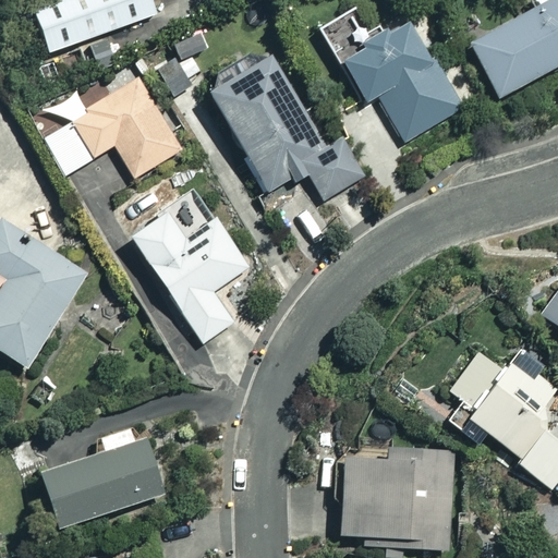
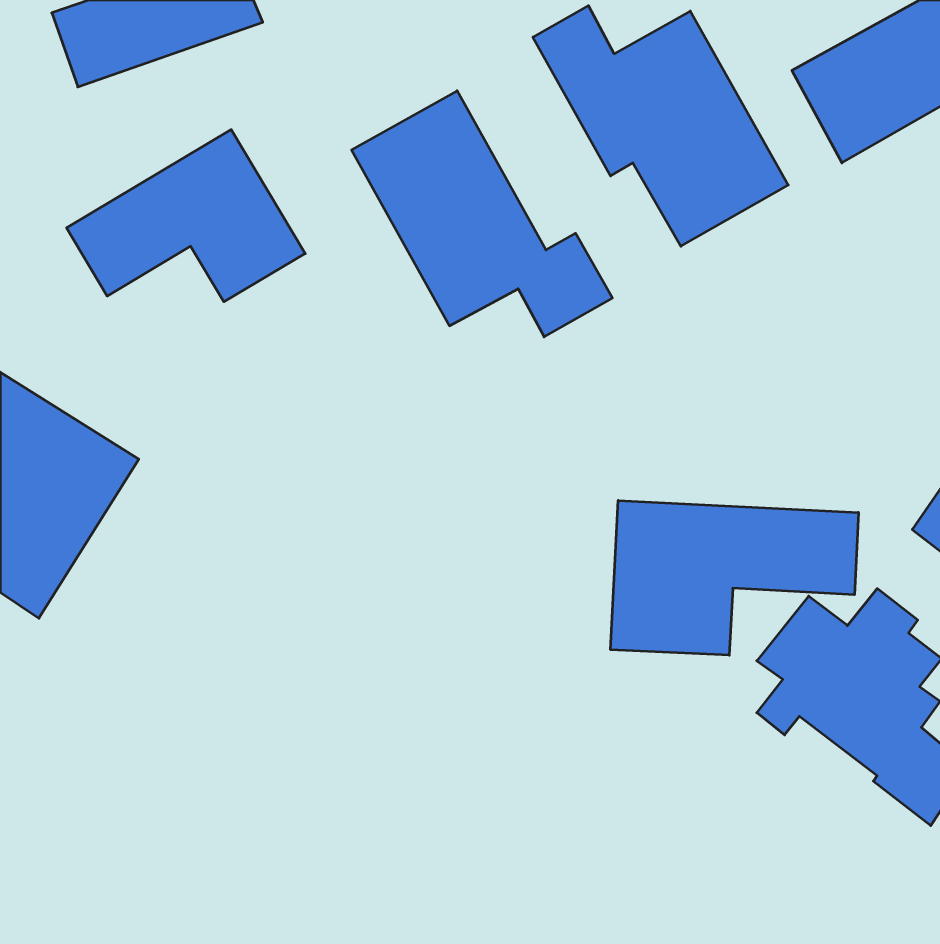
building: [132,213,250,343] -> none
building: none -> [611,500,858,655]
building: [43,439,167,525] -> none
building: [340,449,454,549] -> none

